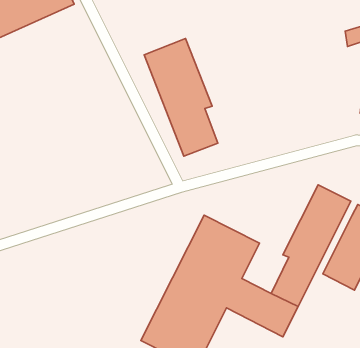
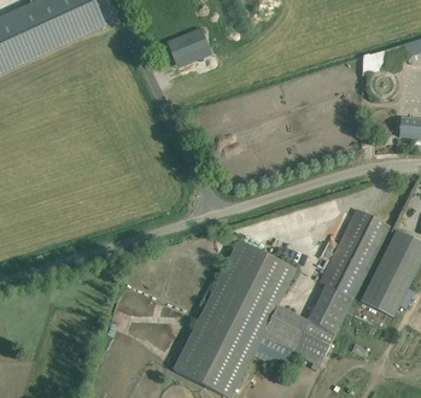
building: none -> [165,28,206,58]
building: [144,39,218,156] -> none

